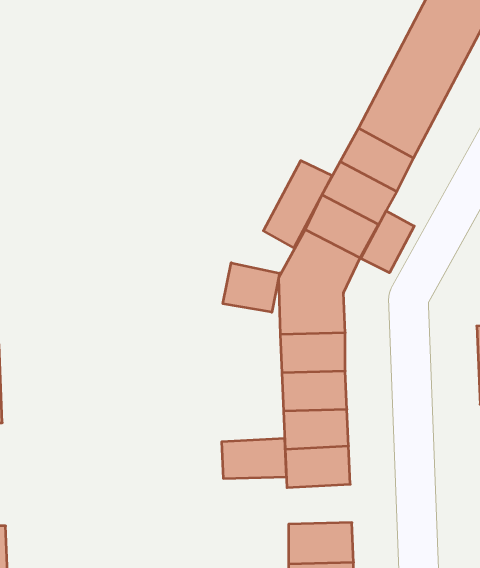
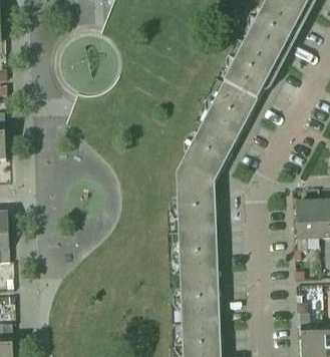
building: [263,161,332,248] -> none
building: [361,211,414,273] -> none
building: [223,263,280,312] -> none
building: [222,439,286,478] -> [181,299,220,323]

